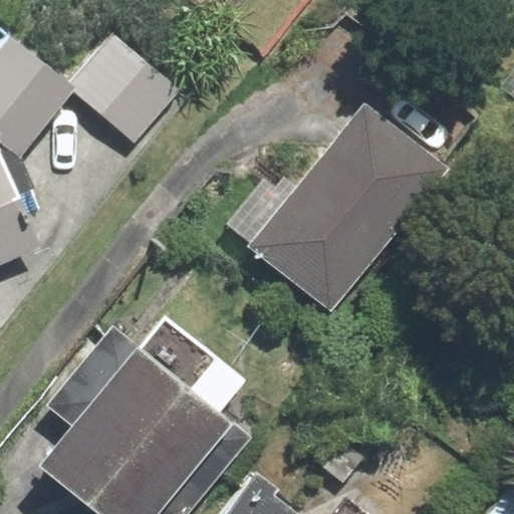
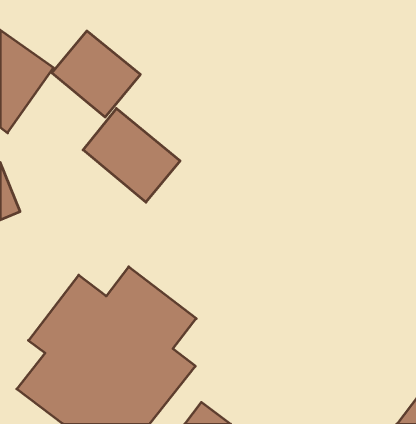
building: [228,113,435,311] -> none
building: none -> [83,108,180,202]

